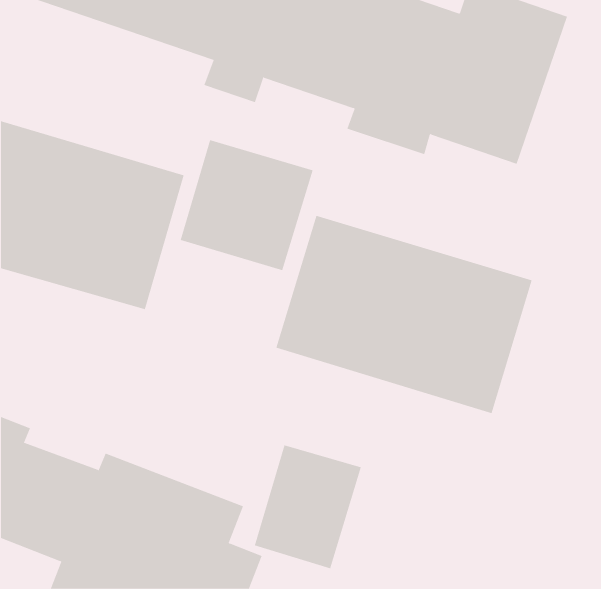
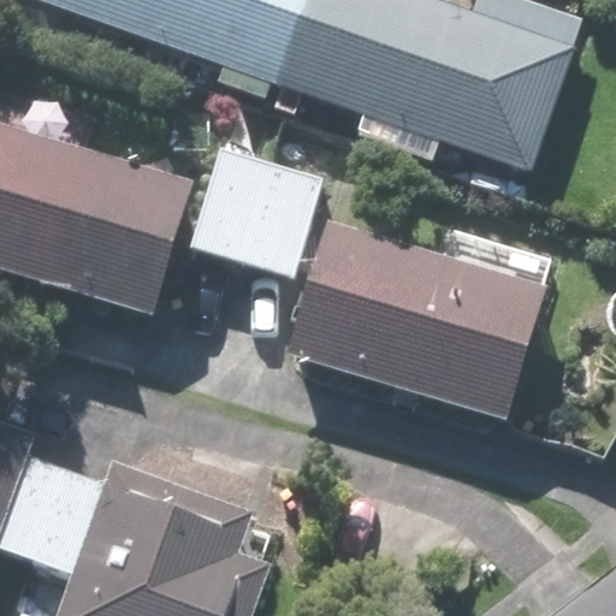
building: [254,445,361,569] -> none

